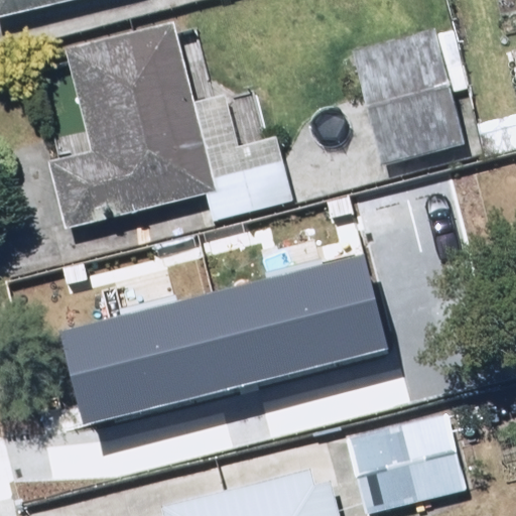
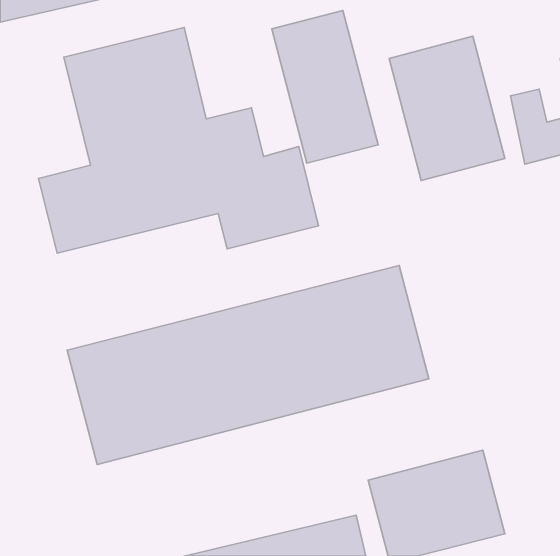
building: none -> [272,11,378,163]

